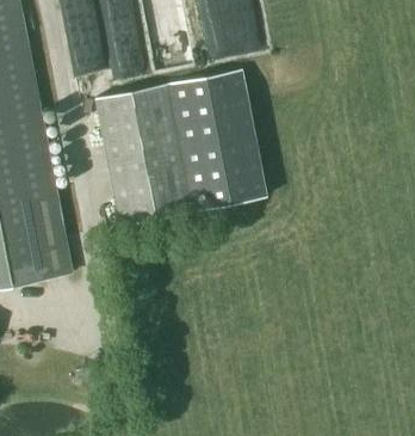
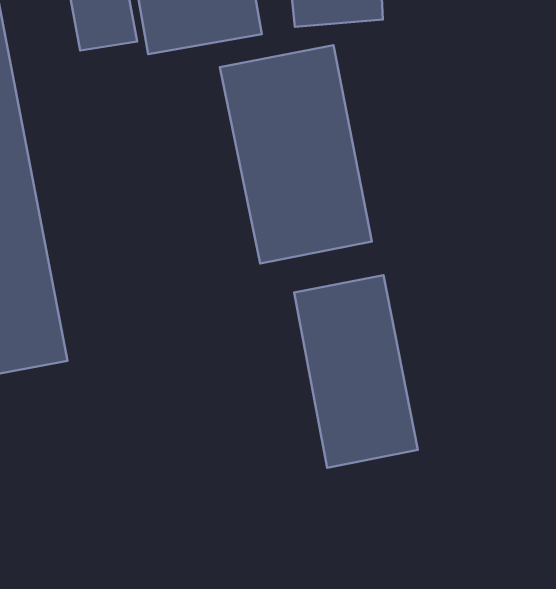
building: [93,84,188,225] -> none
building: none -> [294,275,418,468]

